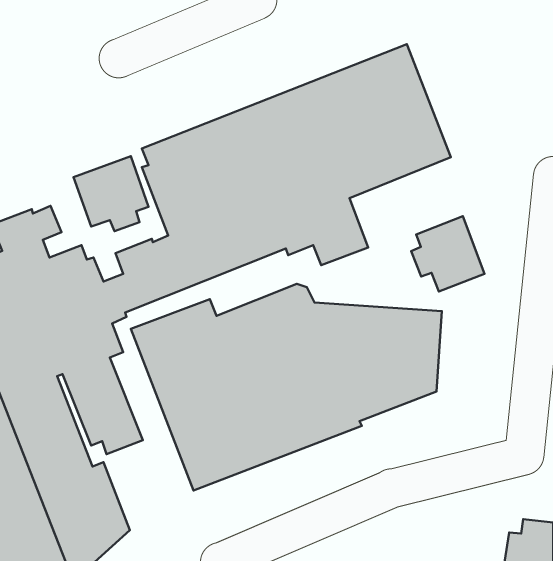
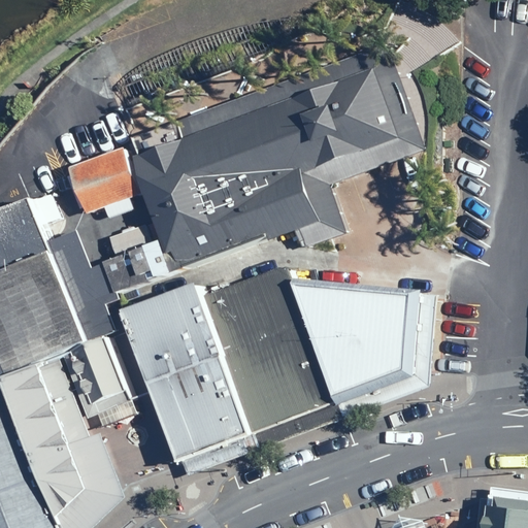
building: [411,216,485,292] -> none

